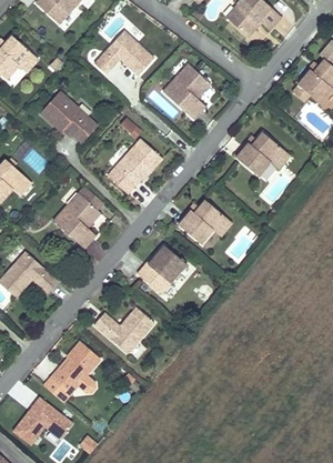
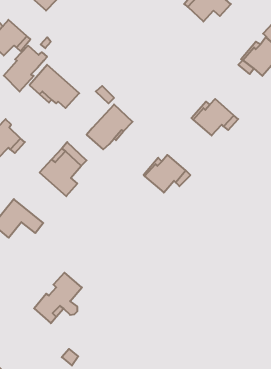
building: [94,33,154,78] -> none
building: [163,64,211,120] -> none
building: none -> [4,46,47,92]
building: [137,245,186,295] -> none
building: [93,304,157,354] -> none
building: [14,399,73,443] -> none

